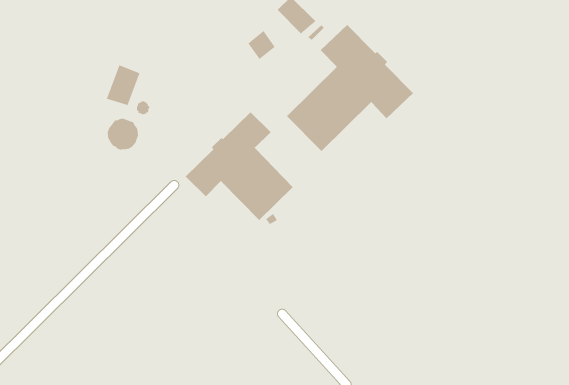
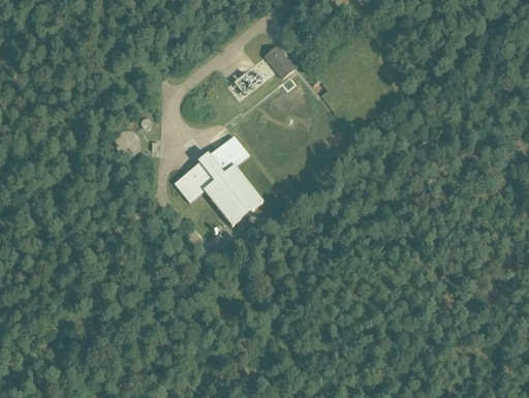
building: [286,24,414,152] -> none
building: [106,65,140,106] -> none

